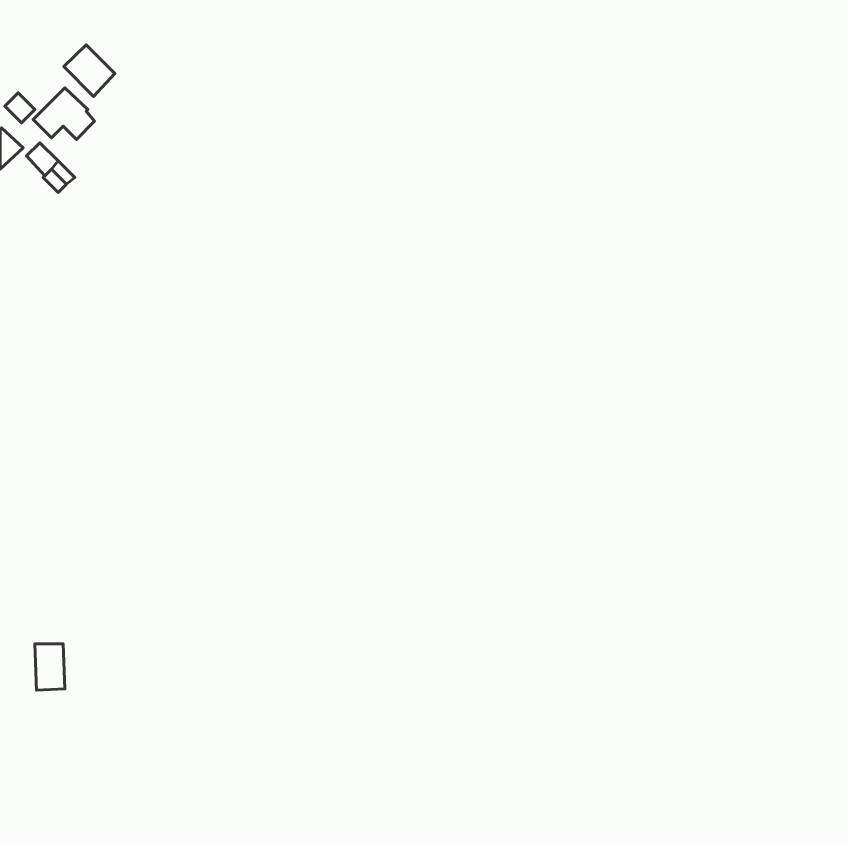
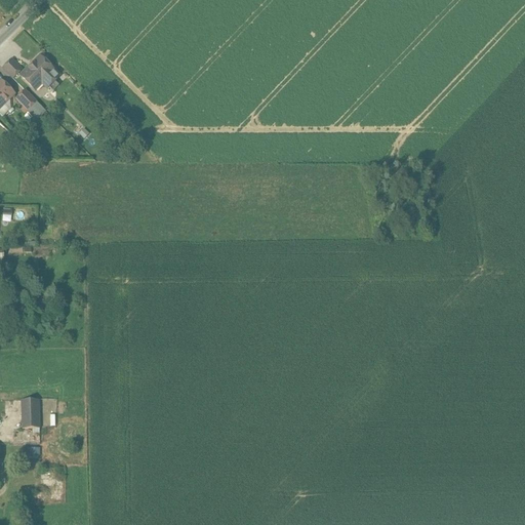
building: [64,45,115,96] -> none

